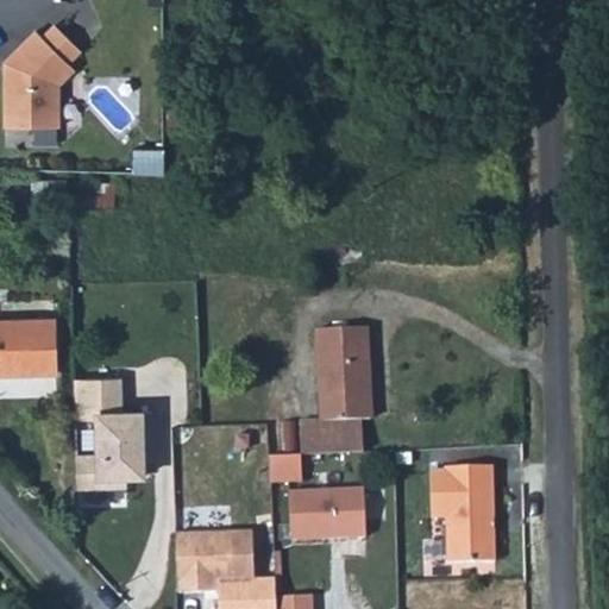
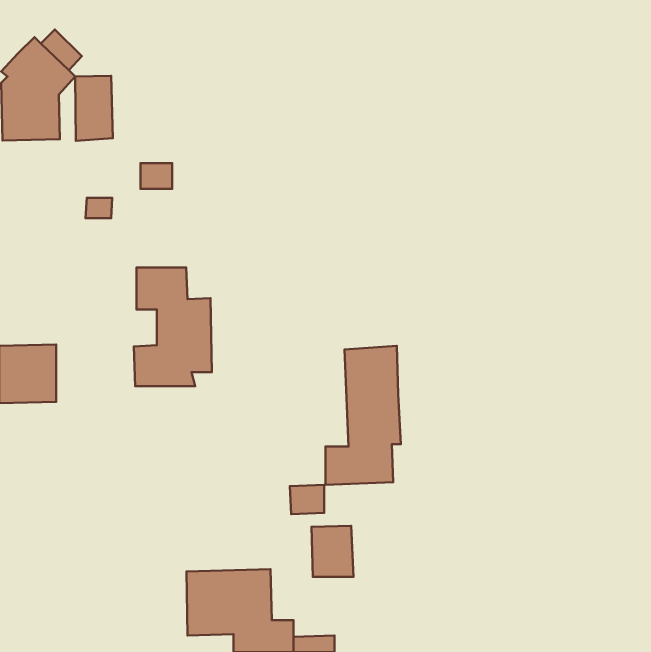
building: none -> [75,76,113,141]
building: [71,379,144,490] -> [134,267,212,386]
building: [433,463,495,558] -> none
building: [327,490,365,538] -> none

